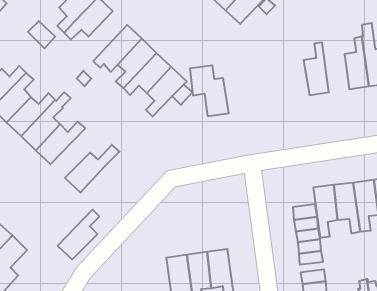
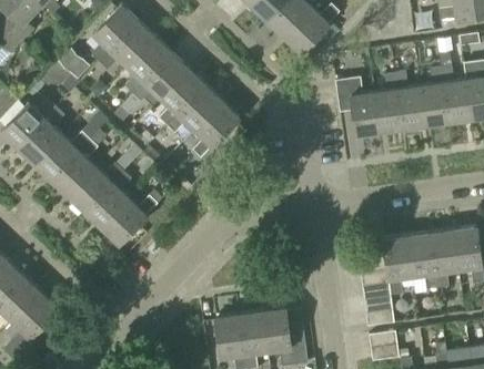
building: none -> [124,38,171,94]
building: none -> [393,71,424,135]
building: [190,65,229,116] -> [334,79,379,136]
building: [58,210,99,259] -> [83,171,131,227]

